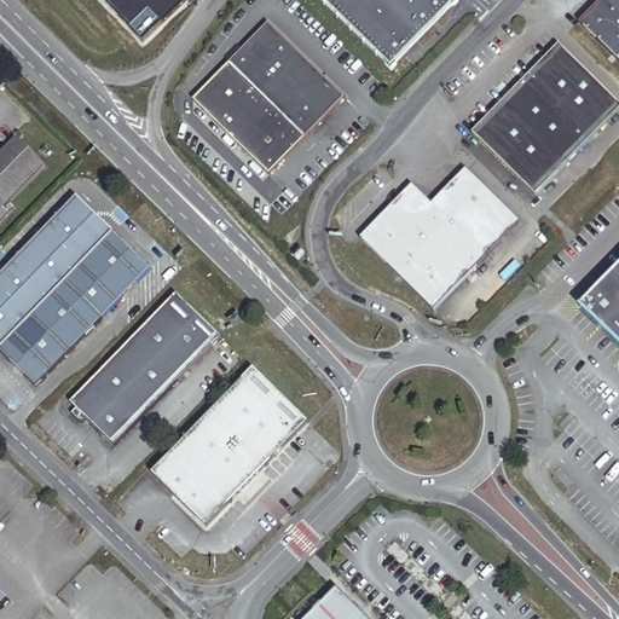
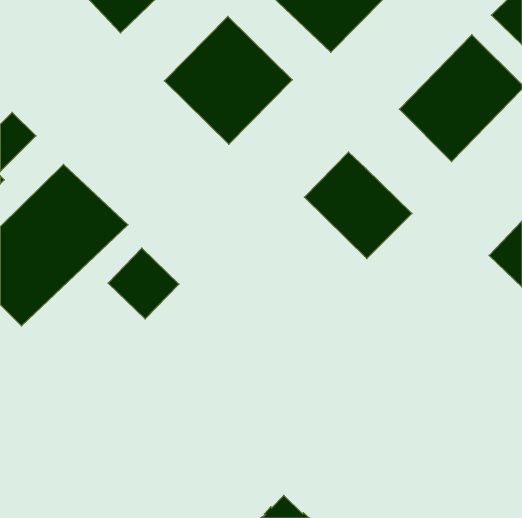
building: [433,166,521,253] -> none
building: [62,335,172,445] -> none
building: [145,365,305,528] -> none

